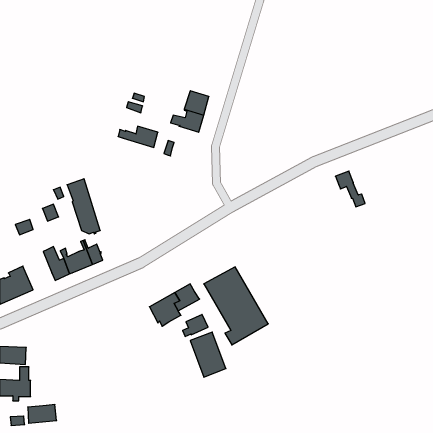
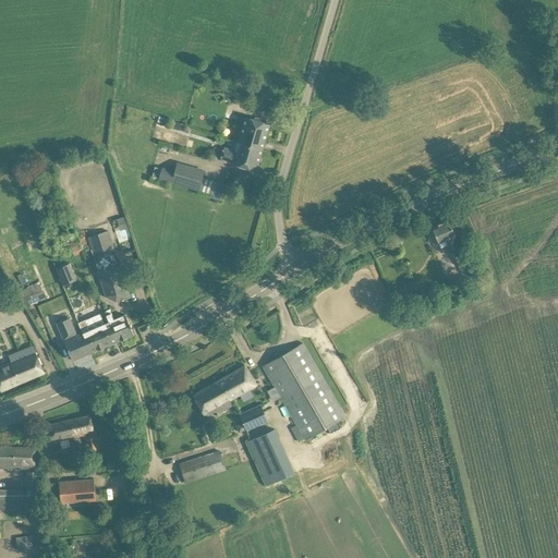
building: none -> [46,415,98,450]
building: none -> [179,450,225,482]
building: [28,405,57,423] -> [58,478,95,502]

